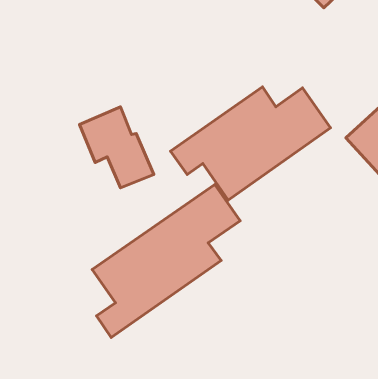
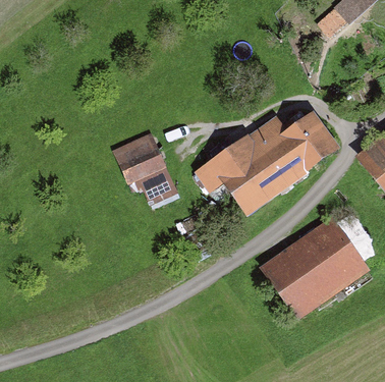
building: [92,185,240,337] -> none
building: none -> [261,216,370,322]

